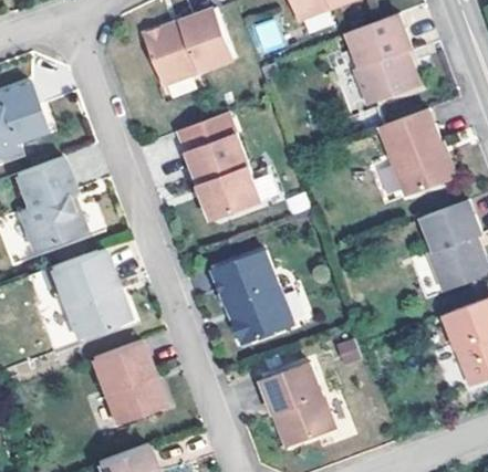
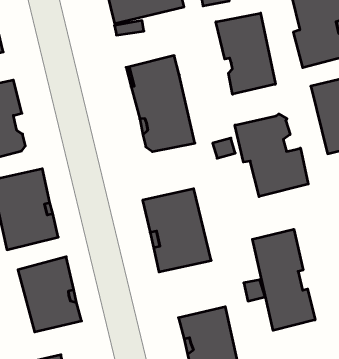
building: none -> [216,13,275,94]
building: none -> [235,114,308,197]
building: none -> [252,229,315,330]

